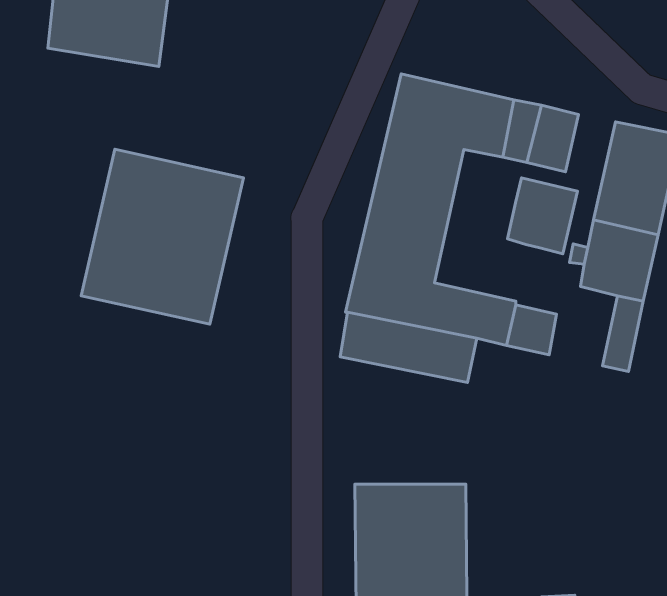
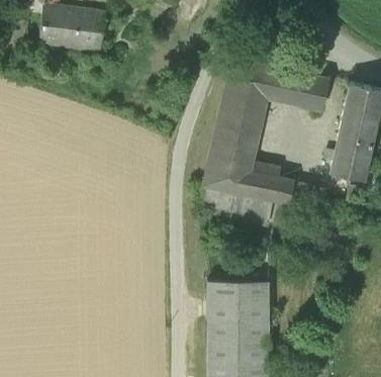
building: [81,149,243,324] -> none
building: [508,178,577,254] -> none

